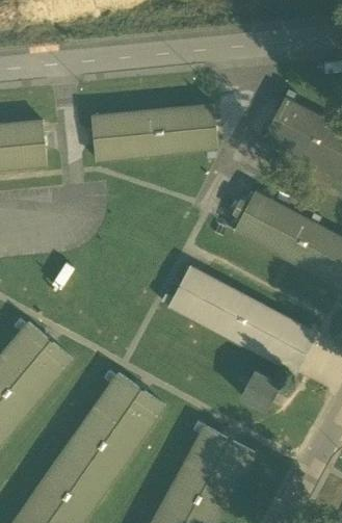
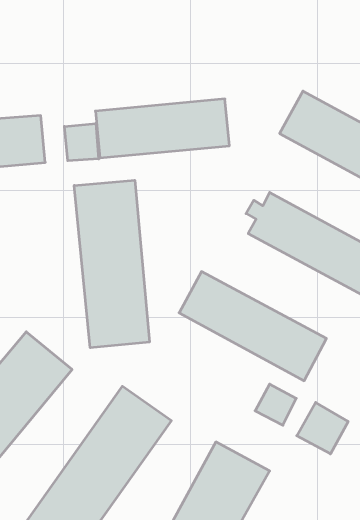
building: none -> [64,123,99,161]
building: none -> [74,180,149,348]
building: none -> [297,402,348,454]

